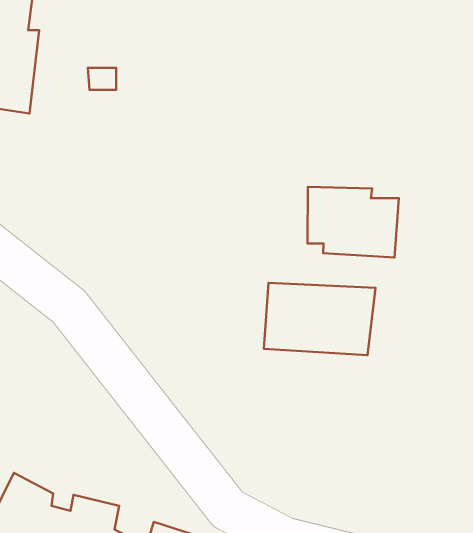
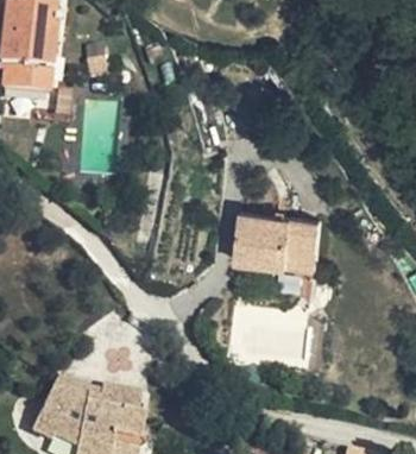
building: [307,187,399,257] -> none

